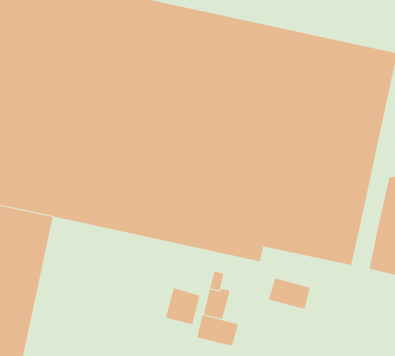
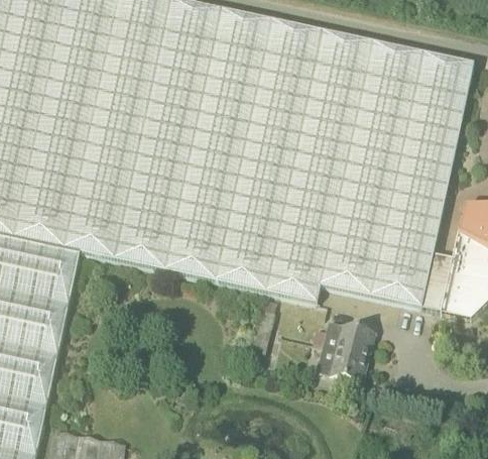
building: none -> [420,251,451,310]
building: [165,287,200,325] -> none
building: [196,315,239,346] -> [319,345,367,381]

